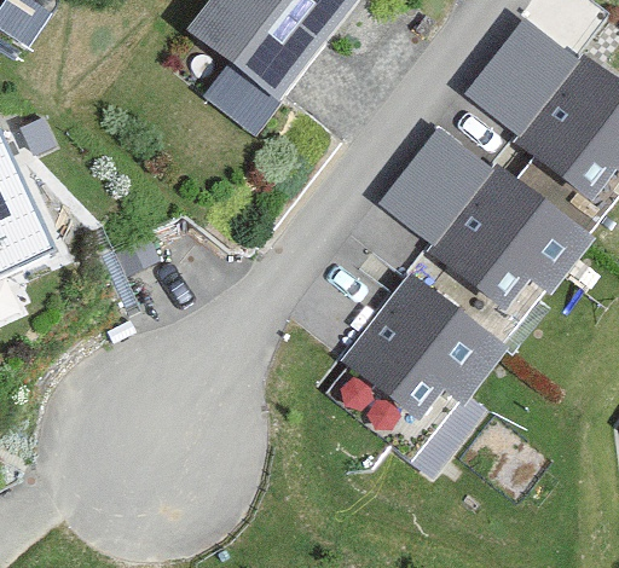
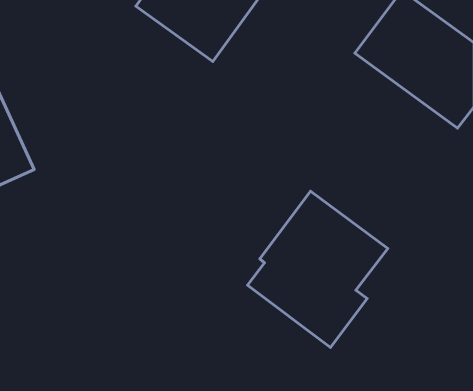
building: [378,127,594,305] -> none

